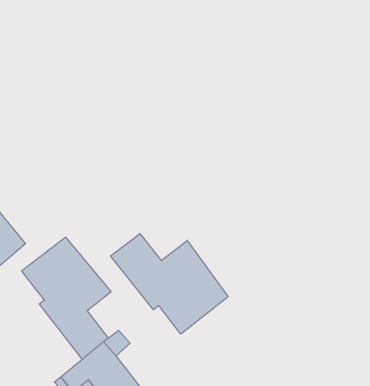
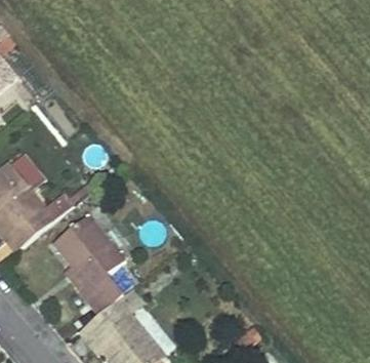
building: [111,233,228,334] -> none

